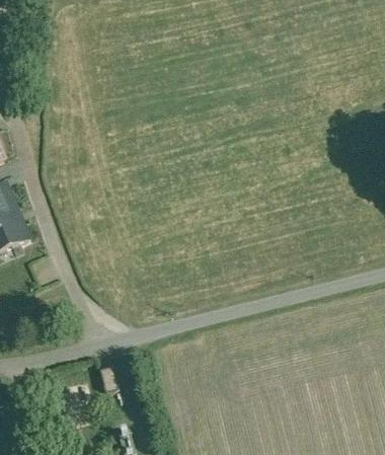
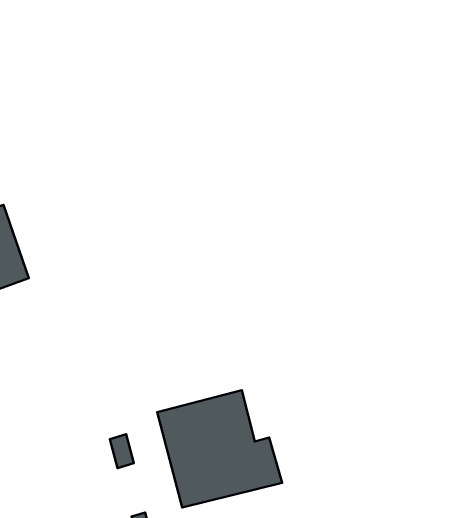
building: none -> [157,390,282,508]

